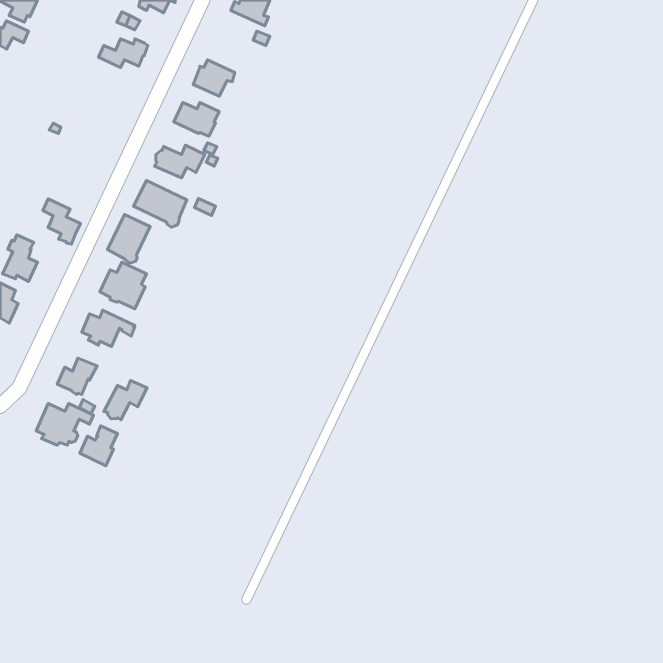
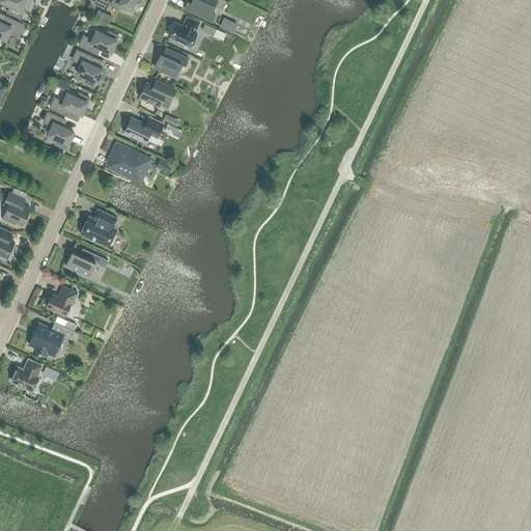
building: none -> [170,17,199,48]
building: none -> [73,50,103,87]
building: none -> [50,92,89,116]
building: [43,199,81,244] -> [44,112,74,148]
building: [107,215,150,263] -> none
building: [104,380,147,420] -> none
building: [80,426,117,466] -> [11,359,41,391]

